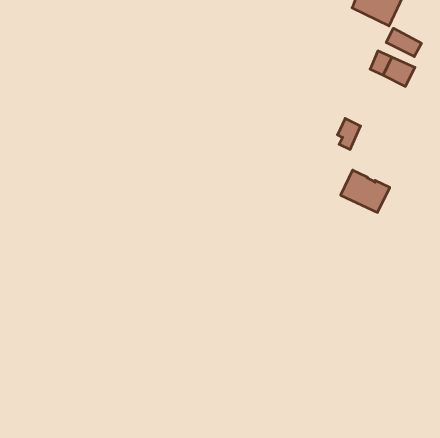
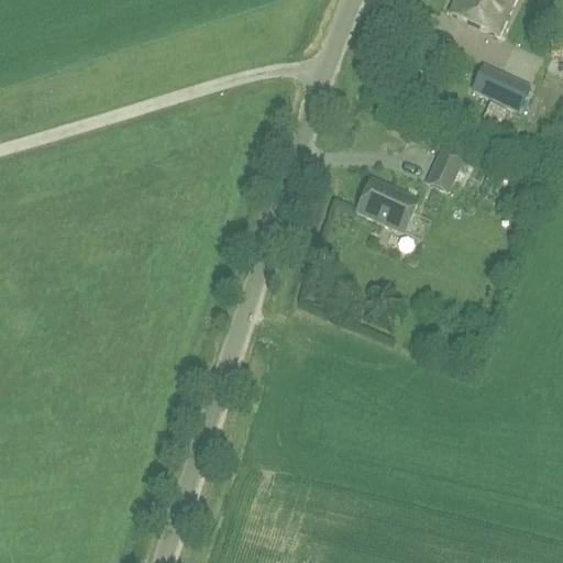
building: [386,28,421,57] -> none
building: [341,170,390,212] -> [356,177,419,231]

